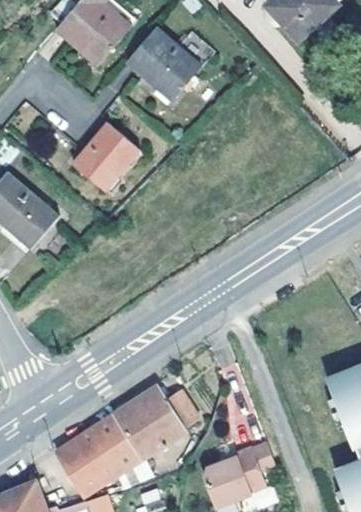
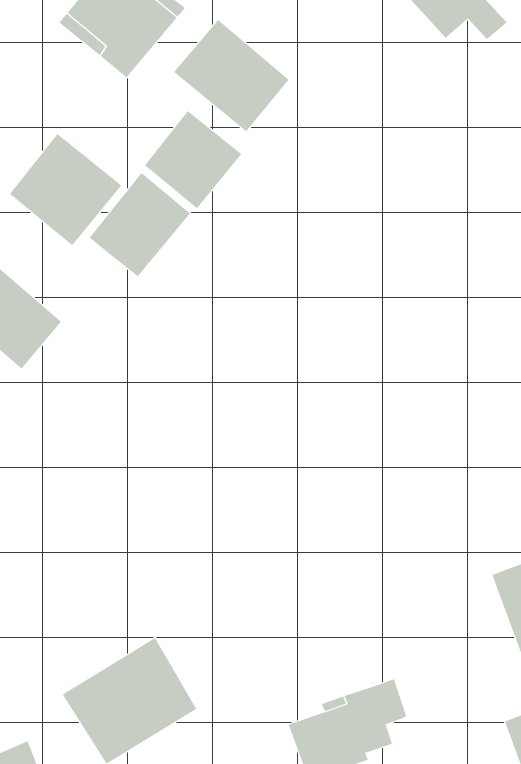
building: none -> [144,110,242,209]
building: none -> [9,133,122,246]
building: [115,387,198,460] -> none

